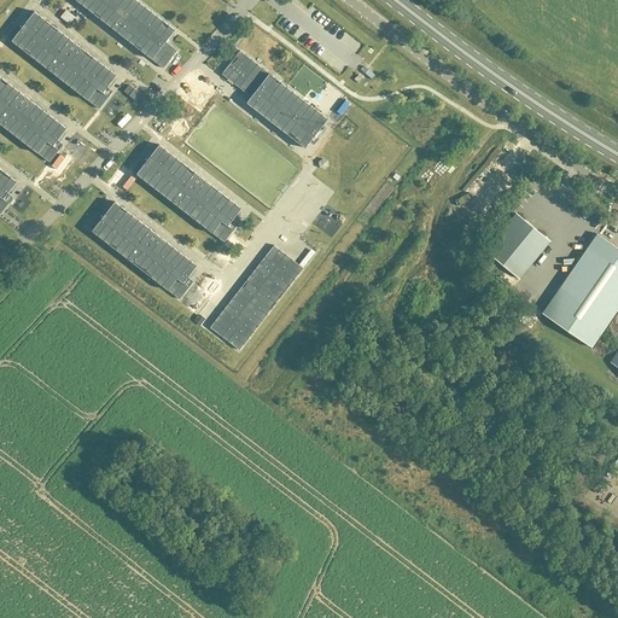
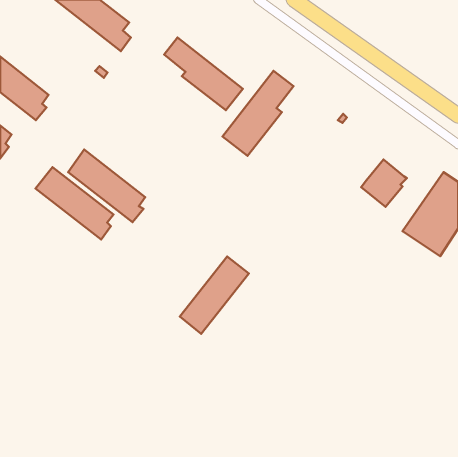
building: [11,11,116,109] -> none
building: none -> [222,71,293,156]
building: [135,145,240,243] -> [36,167,114,240]
building: [210,246,303,350] -> [180,257,249,334]

